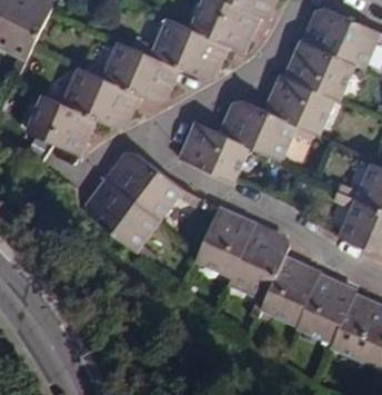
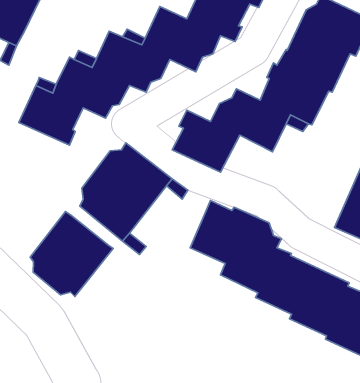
building: none -> [30,211,113,296]

